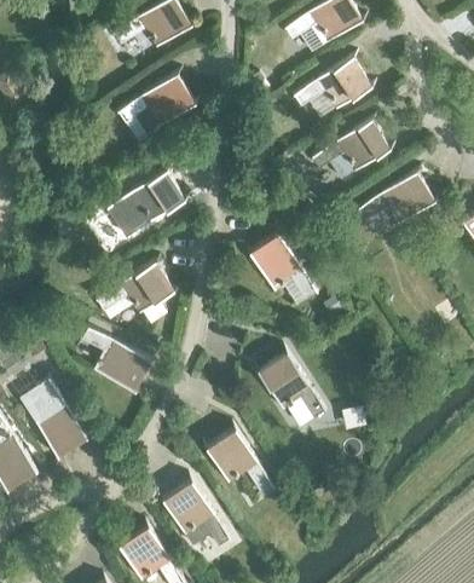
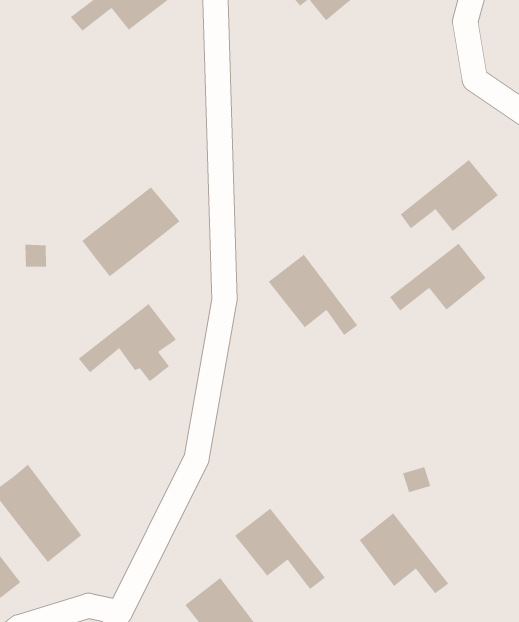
building: [293,57,371,109] -> none
building: [117,74,196,133] -> none
building: [312,120,389,172] -> [389,243,487,312]
building: [82,328,151,391] -> none
building: [258,352,325,419] -> [359,512,449,594]

